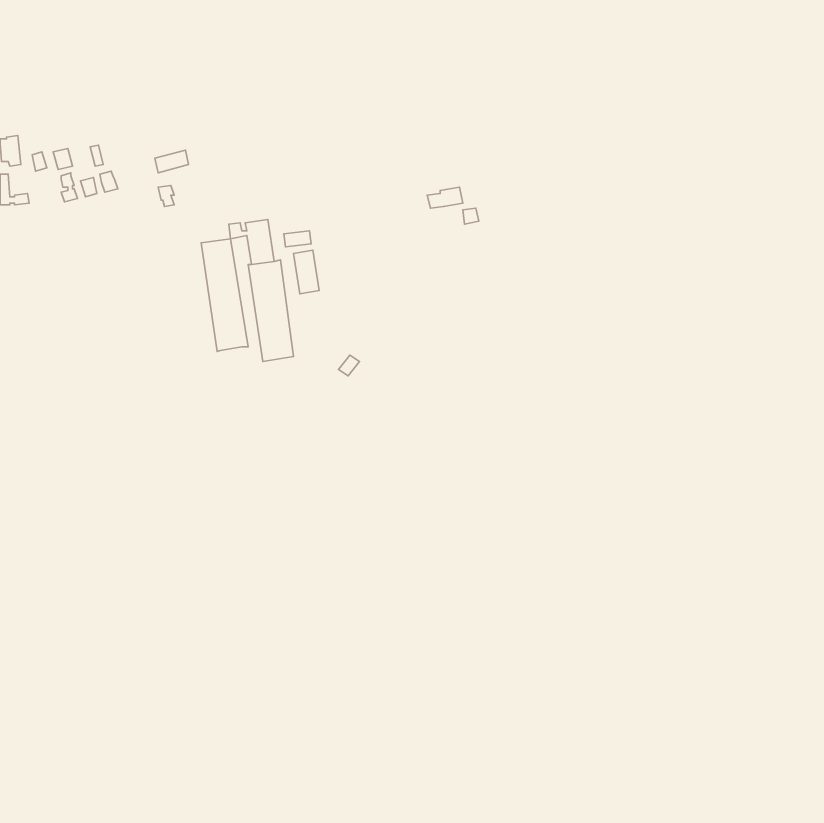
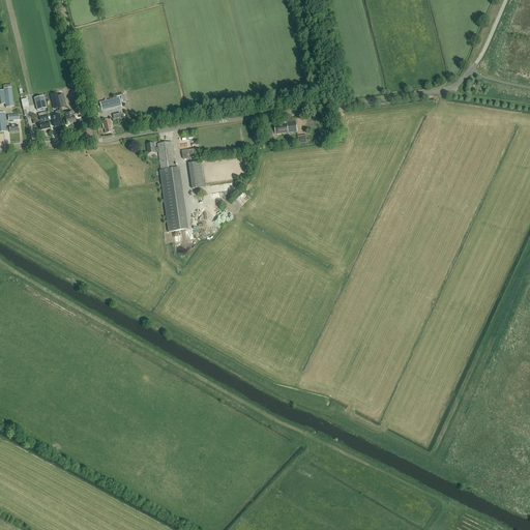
building: [201,239,248,351] -> none

